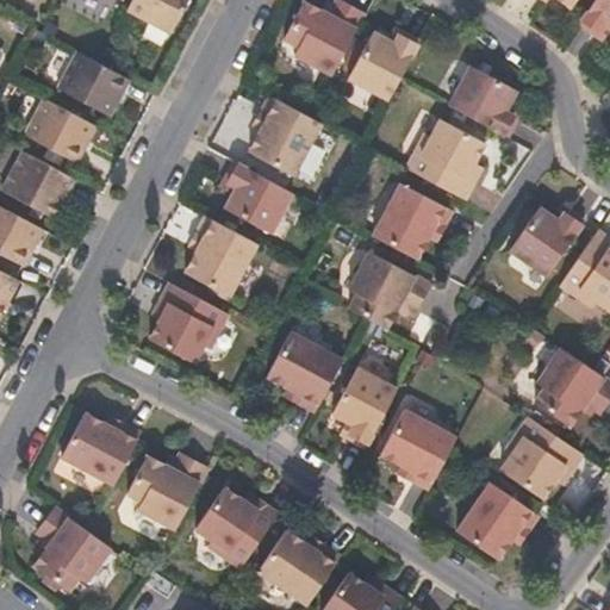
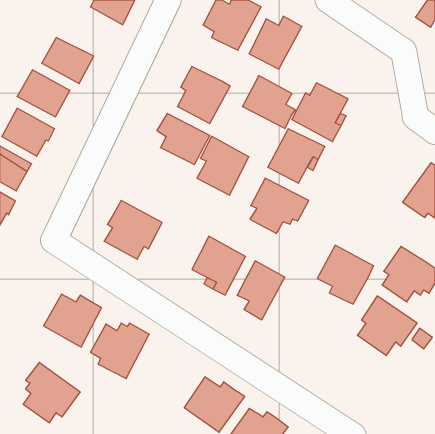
building: [449,63,523,137] -> [242,76,295,129]
building: [509,201,586,274] -> none
building: [183,214,256,297] -> [197,136,249,195]
building: [379,410,458,492] -> [317,245,374,304]
building: [454,481,537,561] -> none
building: [195,486,280,568] -> none

